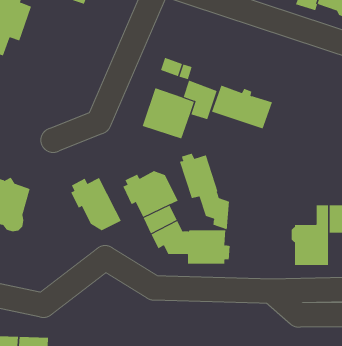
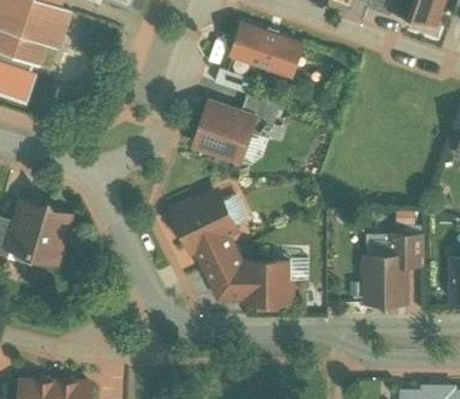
building: [211,85,273,129] -> [232,24,301,74]
building: [179,153,229,230] -> none
building: [70,177,122,231] -> none

